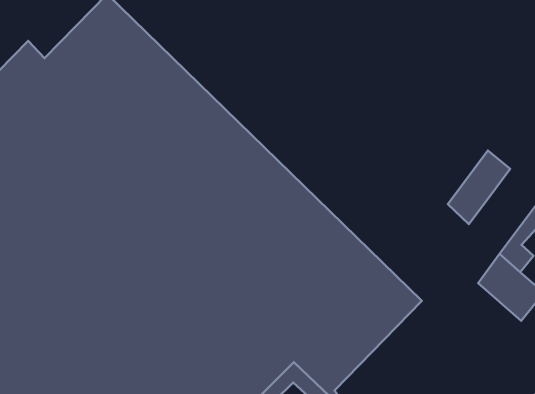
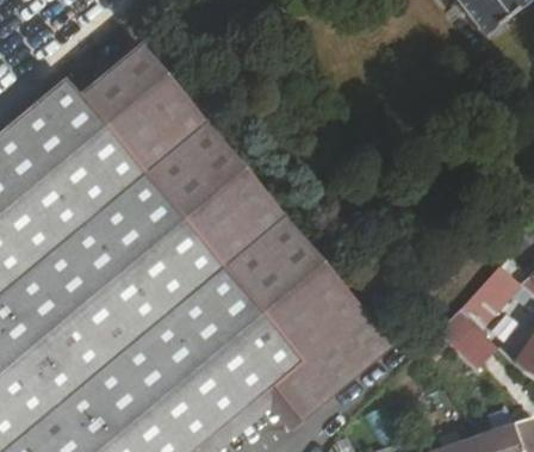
building: [448,151,510,224] -> none

